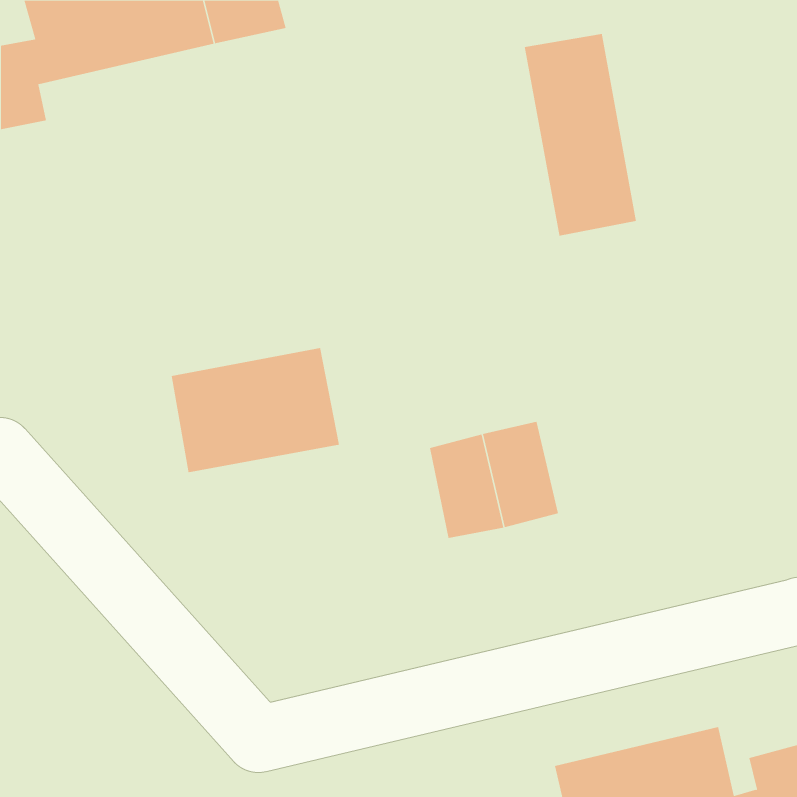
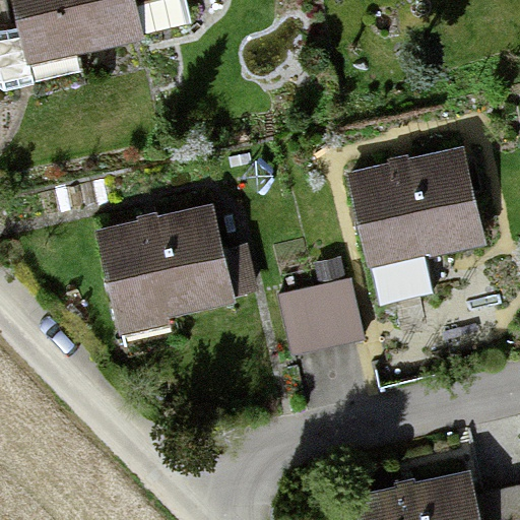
building: [524,33,637,237] -> none
building: none -> [356,169,474,260]

